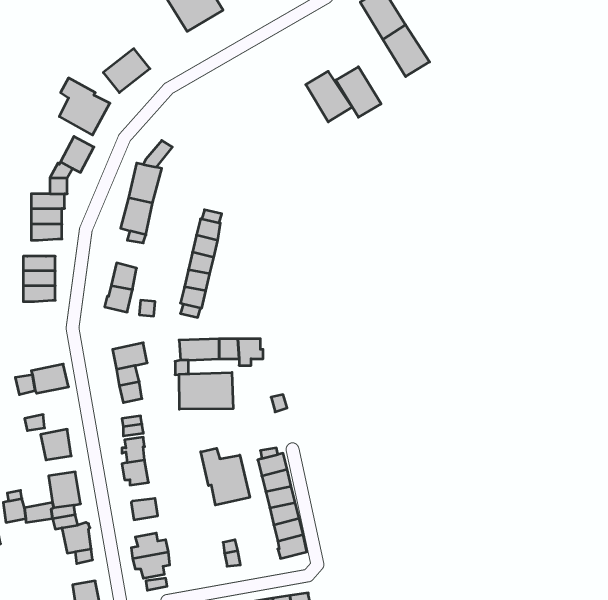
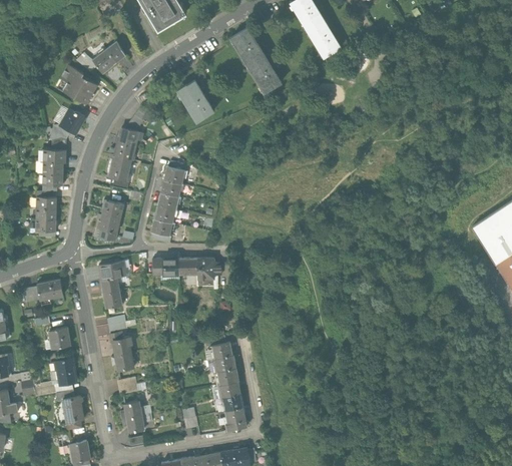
building: [336,67,381,117] -> [229,28,264,66]
building: none -> [176,79,212,121]
building: [179,372,233,409] -> none
building: [201,448,250,505] -> none

